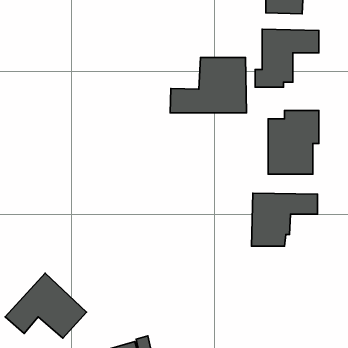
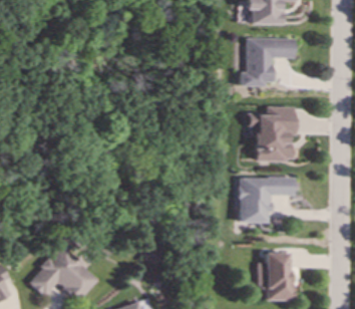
building: [170,57,246,113] -> none
building: none -> [258,252,291,300]

